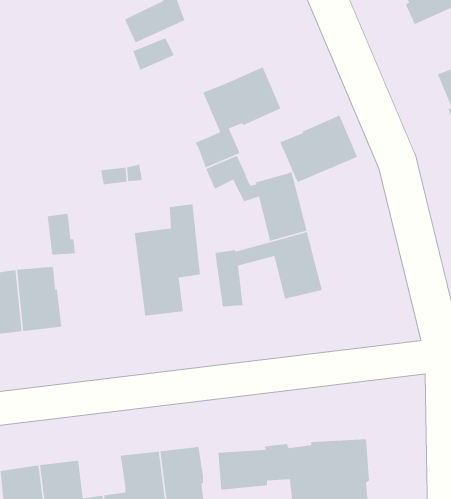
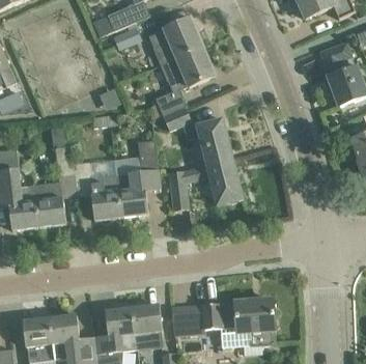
building: [279,114,358,183] -> [148,18,202,64]
building: none -> [74,160,121,220]

